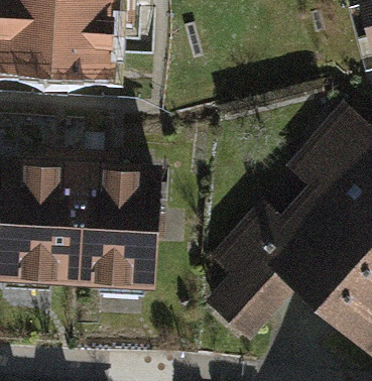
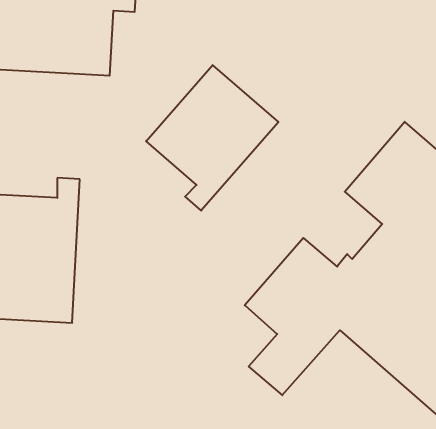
building: none -> [146,65,278,211]
building: [76,162,154,282] -> none

